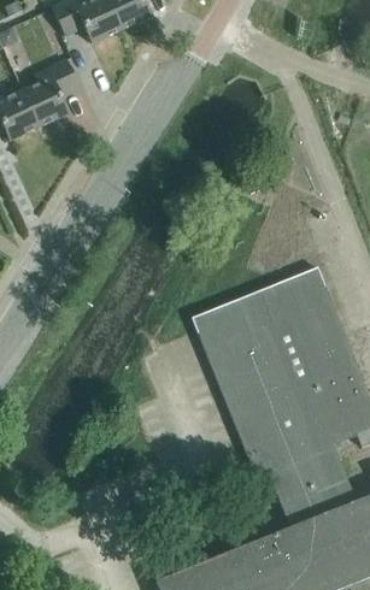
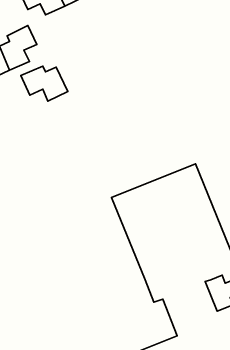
building: none -> [21,66,68,101]

